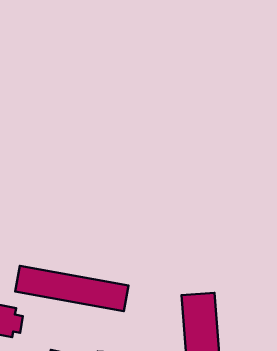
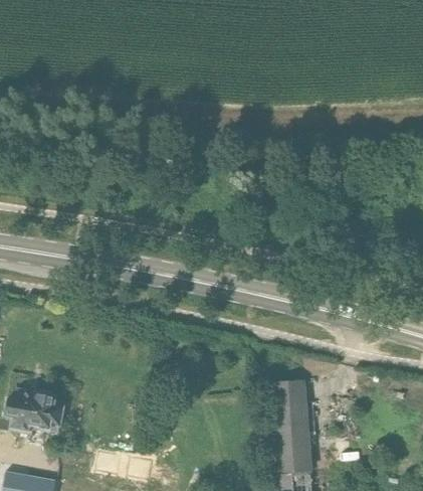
building: [15,266,128,311] -> none

